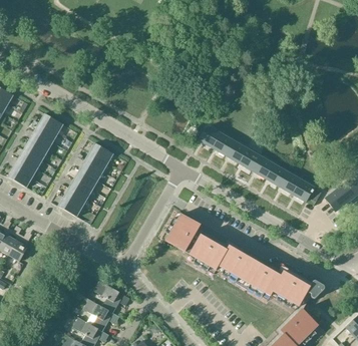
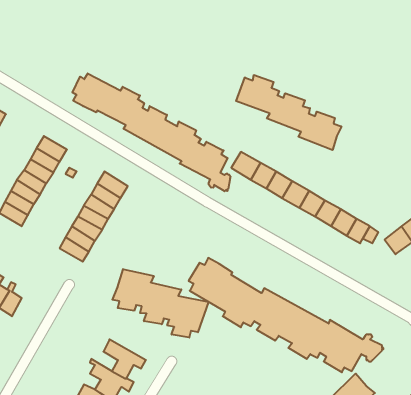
building: none -> [72,73,230,191]
building: none -> [236,75,341,150]
building: none -> [112,269,208,338]

